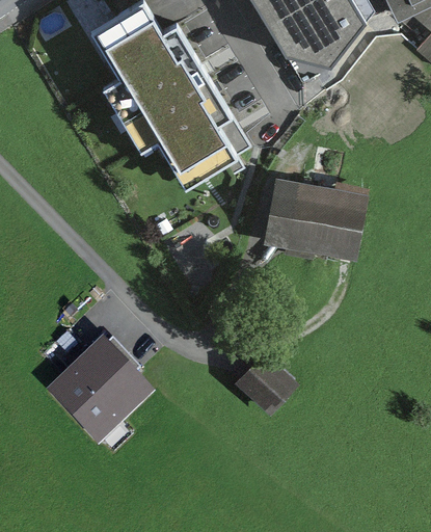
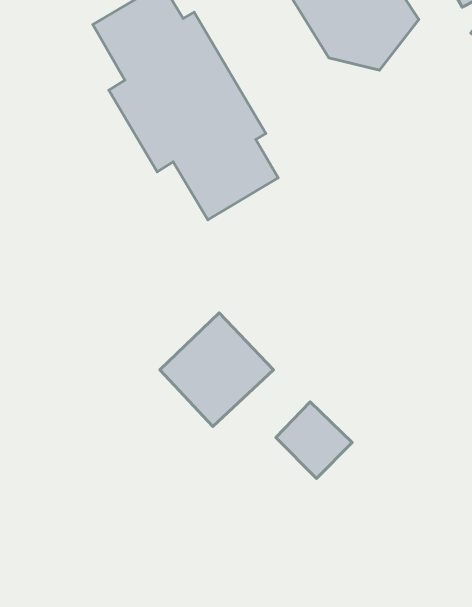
building: [267,179,365,251] -> none
building: [52,345,147,441] -> [160,313,273,427]

